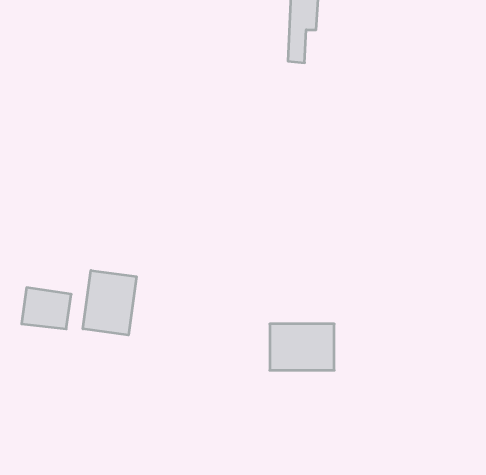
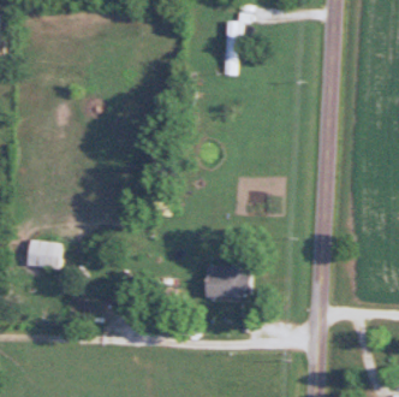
building: [83,270,136,335] -> none

